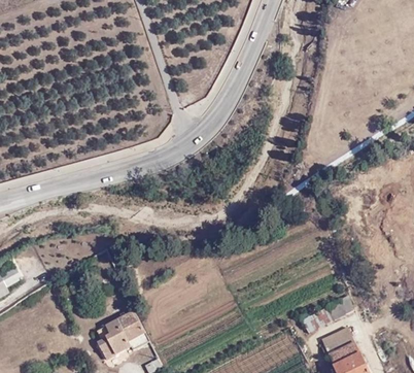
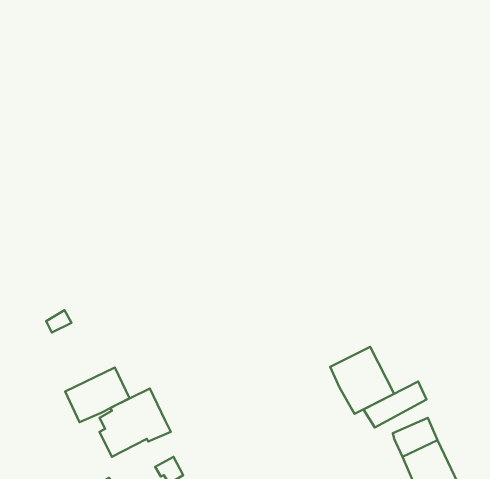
building: none -> [330,347,394,414]
building: none -> [65,367,129,422]

